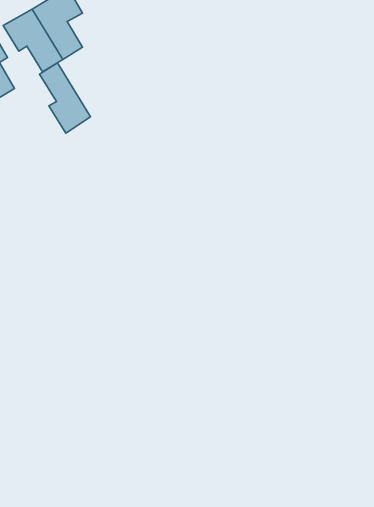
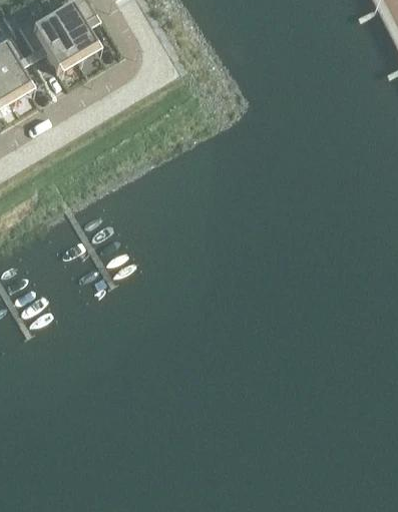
building: [39,63,90,133] -> none

